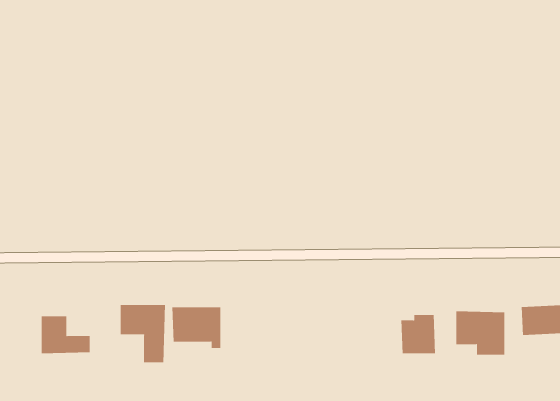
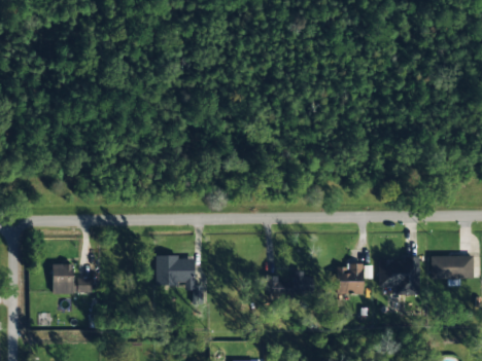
building: [120,304,165,363] -> none
building: none -> [266,274,313,294]

